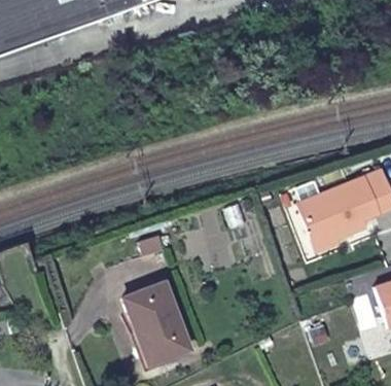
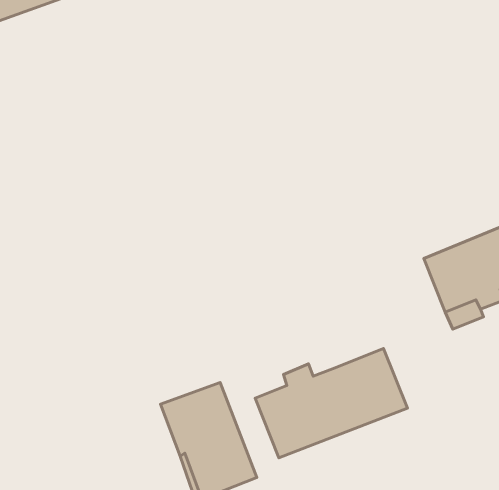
building: none -> [255,349,407,458]

